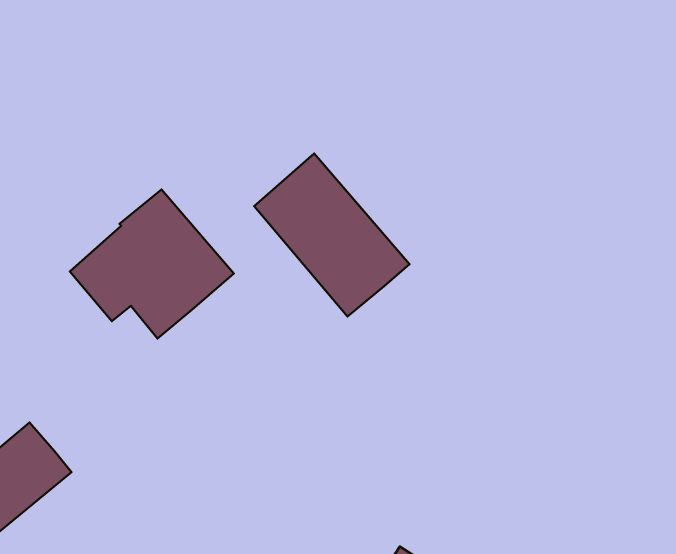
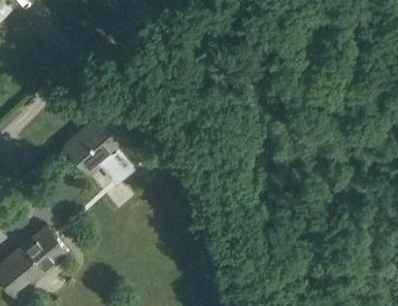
building: [254,153,410,316] -> none

